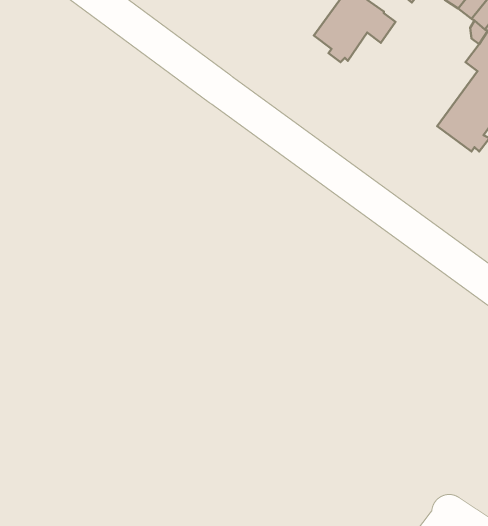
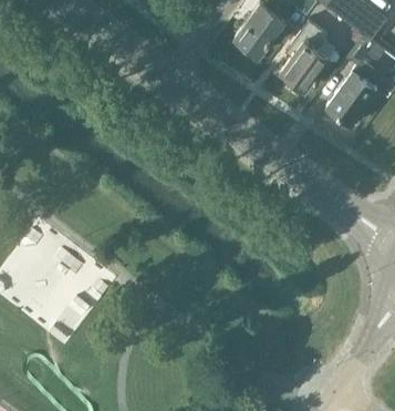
building: none -> [281,22,330,93]

